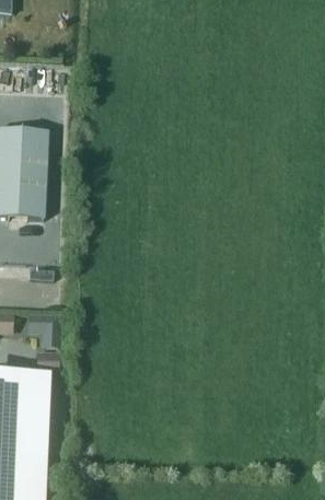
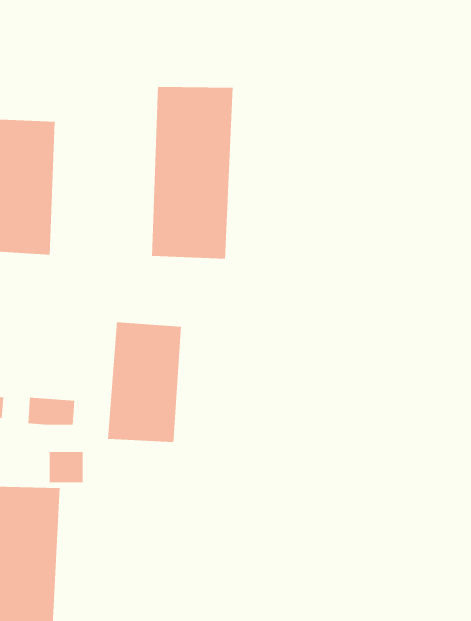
building: none -> [152,86,233,260]
building: none -> [107,321,181,443]

